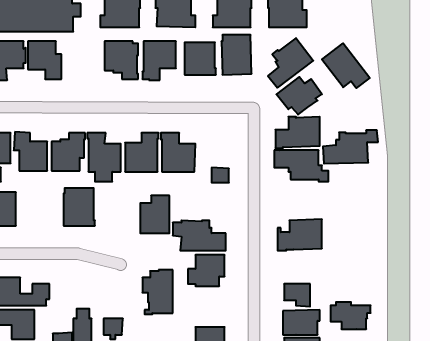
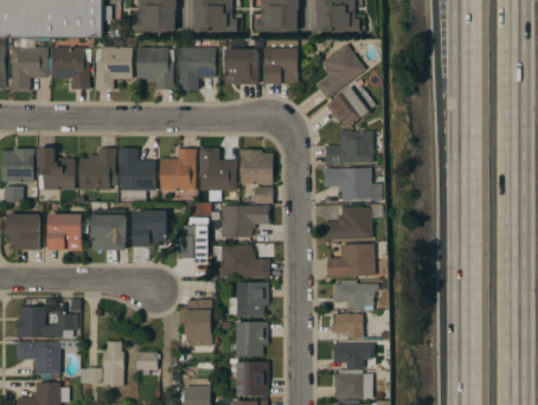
building: none -> [94,47,132,90]
building: [322,43,370,88] -> none
building: [323,130,378,164] -> [322,204,383,240]
building: none -> [238,149,273,184]
building: none -> [219,205,269,237]
building: none -> [133,211,166,246]
building: none -> [47,213,87,250]
building: none -> [236,321,267,355]
building: [331,302,371,329] -> [333,279,377,309]

